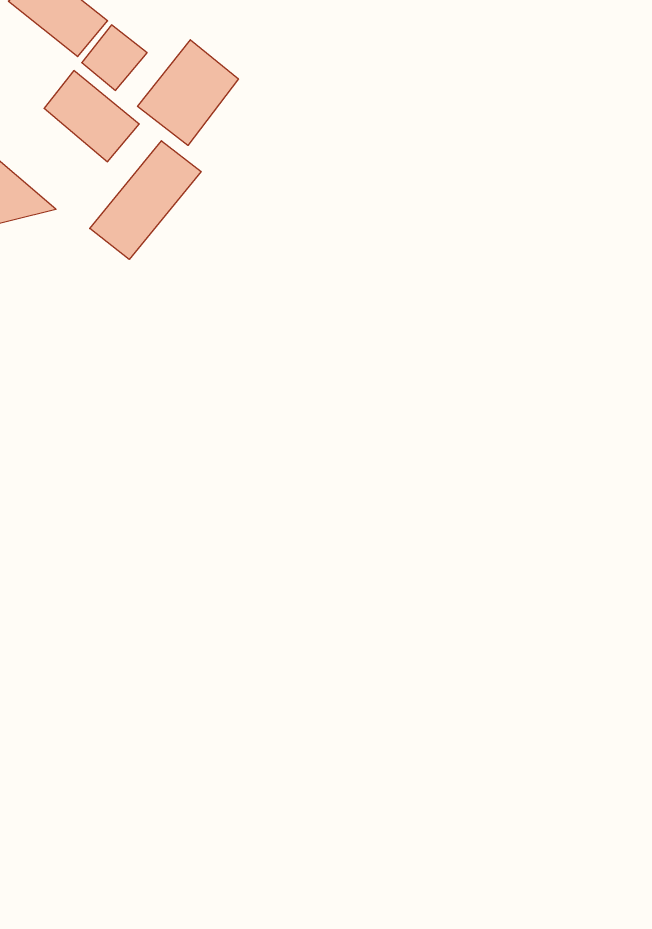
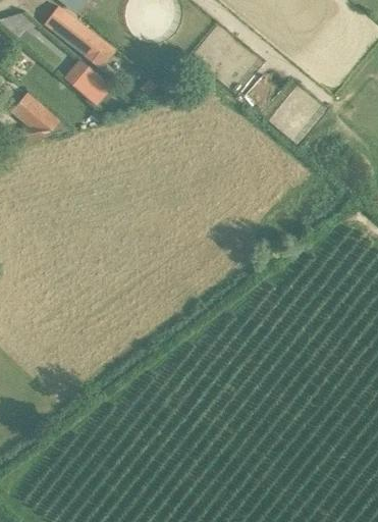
building: [138,40,238,145] -> none
building: [90,141,201,259] -> none

